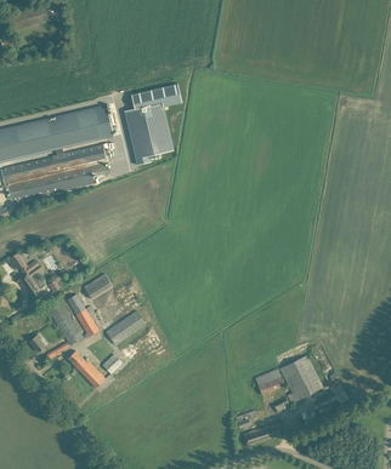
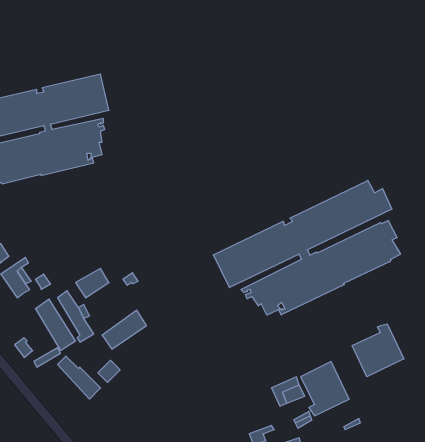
building: [123,84,181,165] -> none
building: none -> [213,180,400,315]
building: none -> [352,324,404,377]

